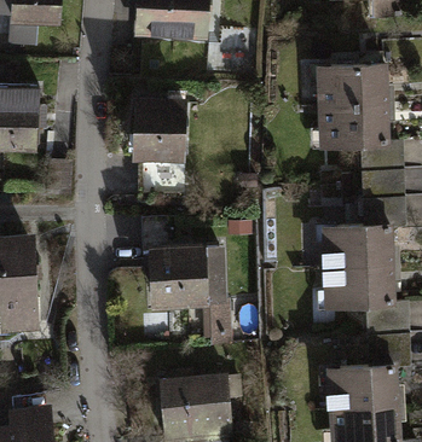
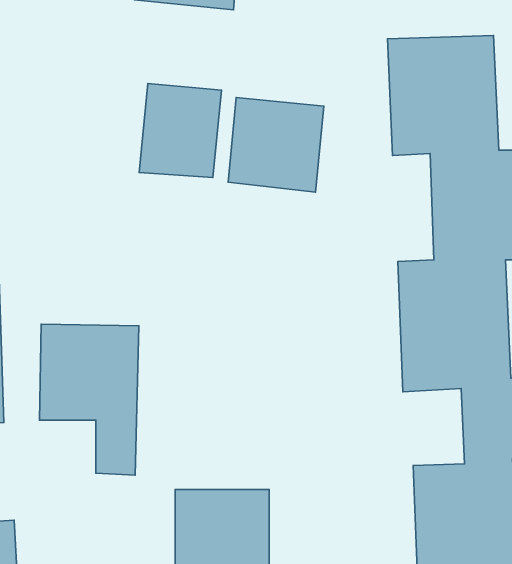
building: none -> [228,97,324,192]
building: [156,239,226,345] -> [39,324,139,475]

